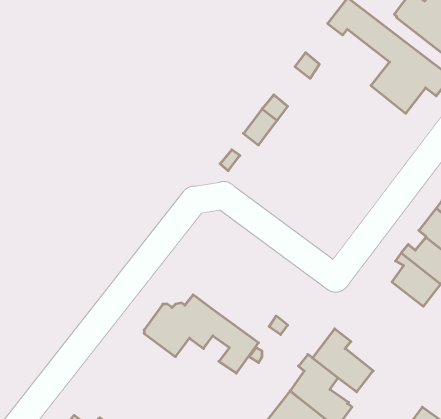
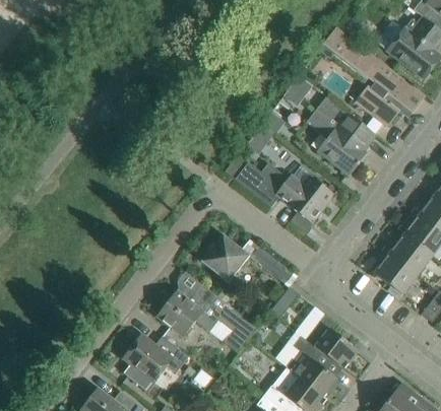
building: none -> [304,96,376,175]
building: none -> [235,161,334,223]
building: none -> [200,233,278,282]
building: none -> [123,335,189,382]

